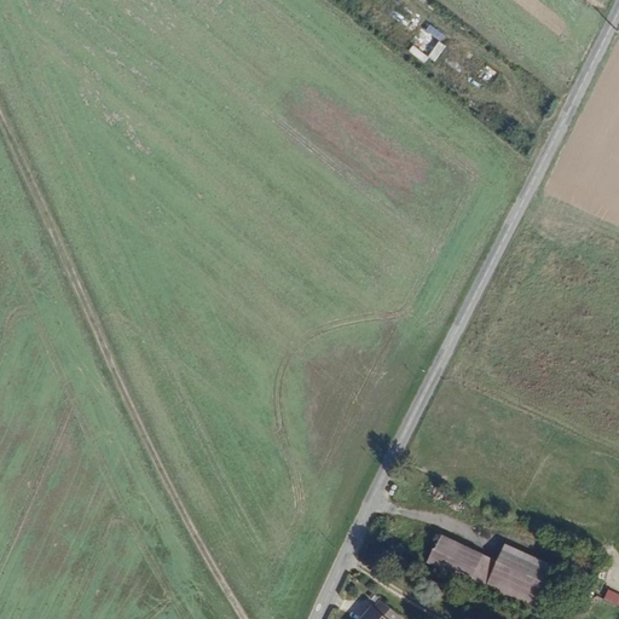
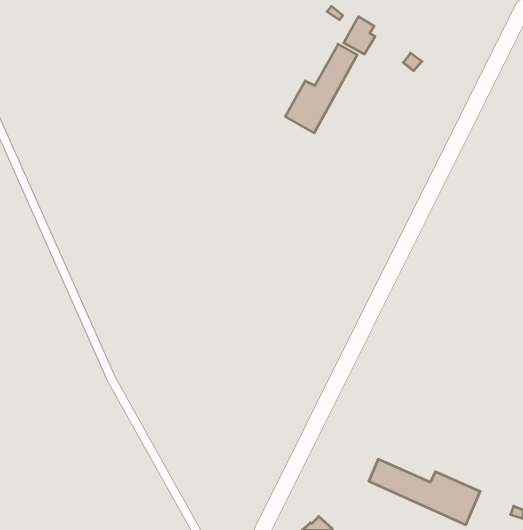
building: none -> [285,44,357,133]

